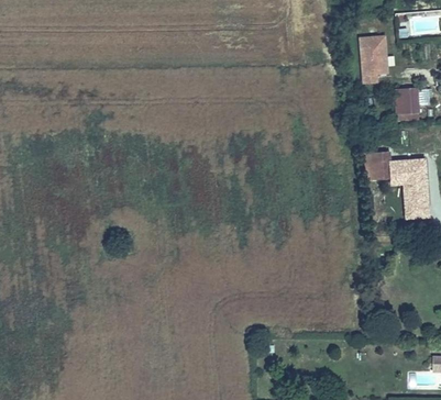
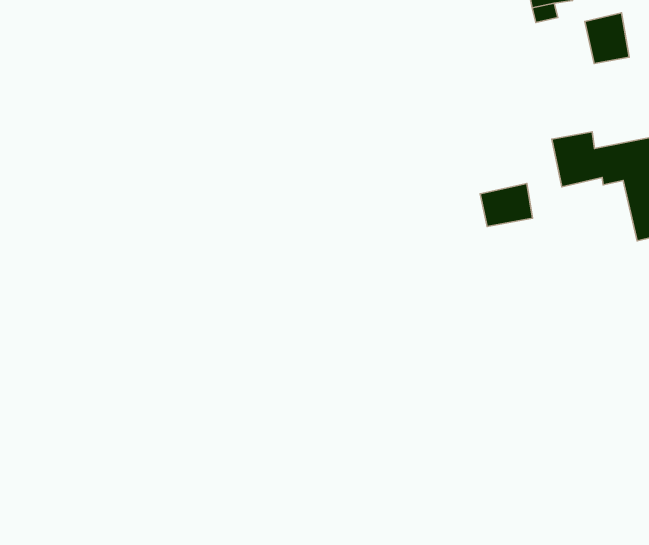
building: none -> [480,183,532,227]

